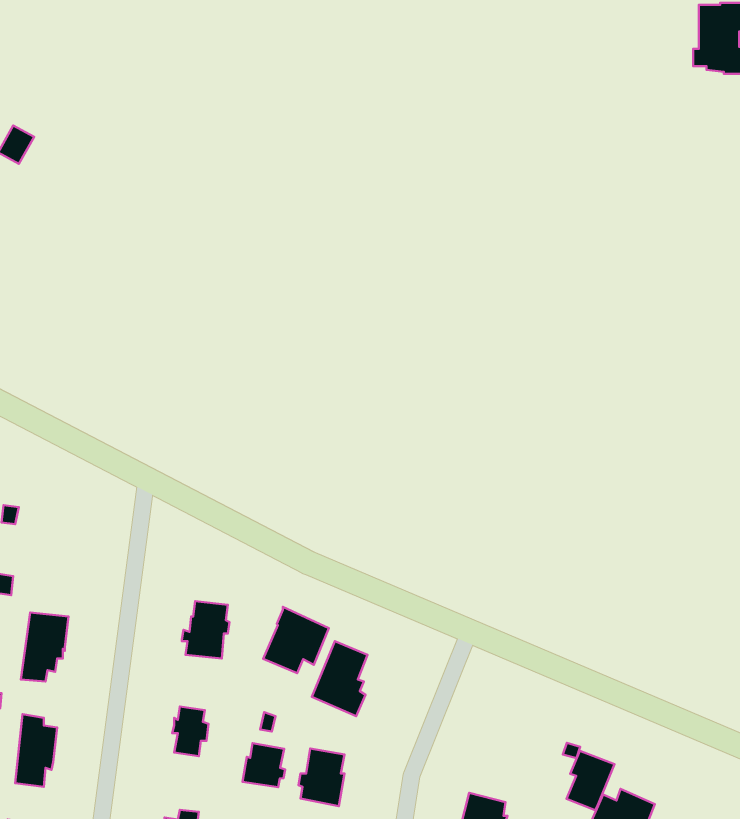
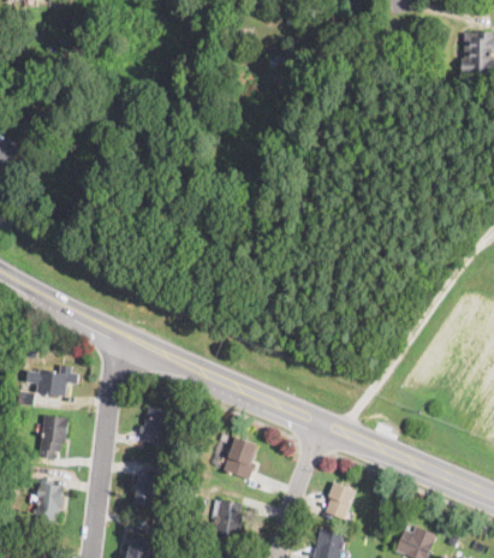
building: none -> [36,366,78,397]
building: [263,607,329,673] -> none
building: [243,743,285,787] -> none
building: [566,751,614,810] -> [326,482,356,520]

